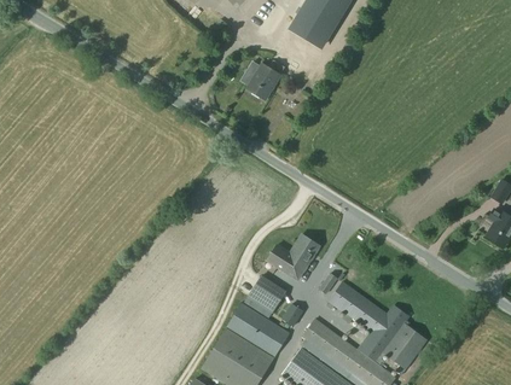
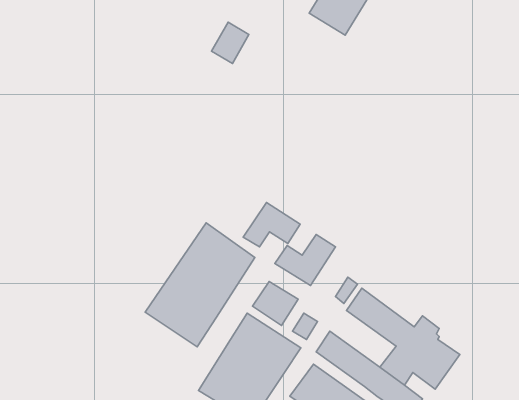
building: [246,64,279,100] -> [212,22,249,64]
building: none -> [243,202,300,247]
building: none -> [145,223,255,347]

